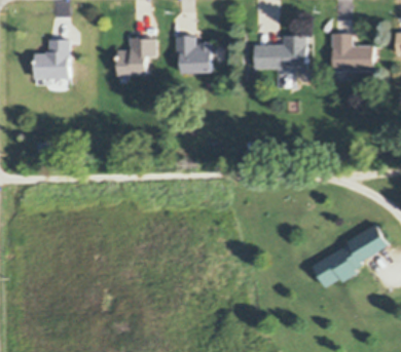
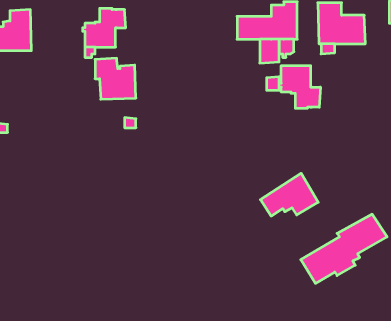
building: [174,35,211,72] -> [95,58,136,99]
building: none -> [279,66,320,108]
building: none -> [260,173,318,216]

